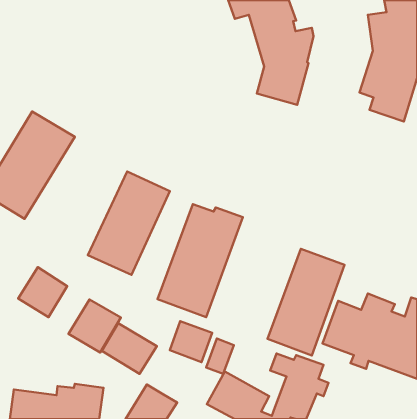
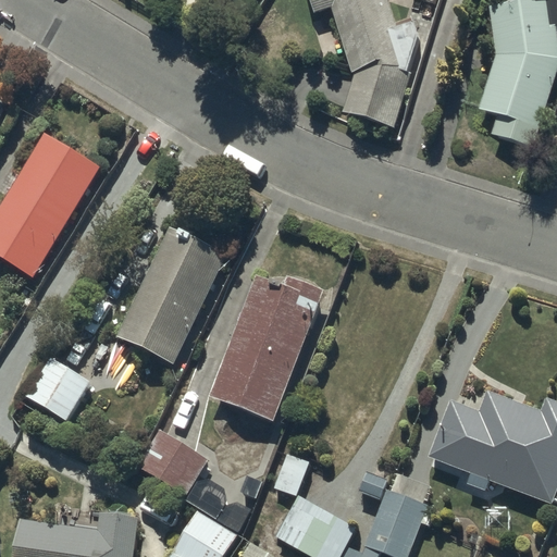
building: [268,249,344,356] -> none
building: [68,299,121,353] -> none
building: [170,321,212,362] -> none

